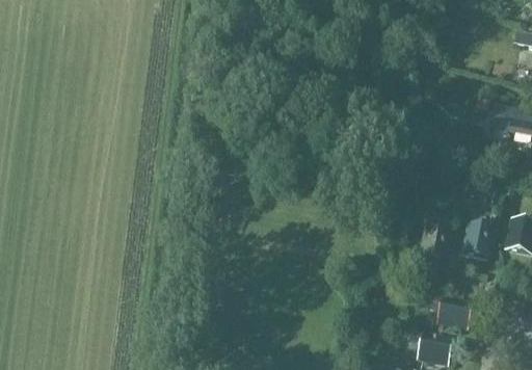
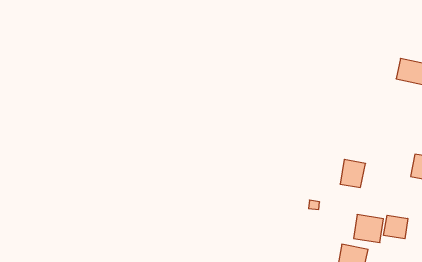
building: [462,227,494,259] -> none
building: none -> [384,215,408,239]

